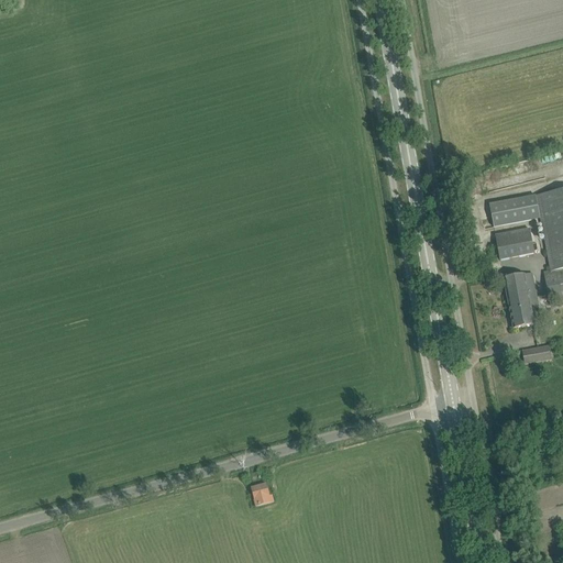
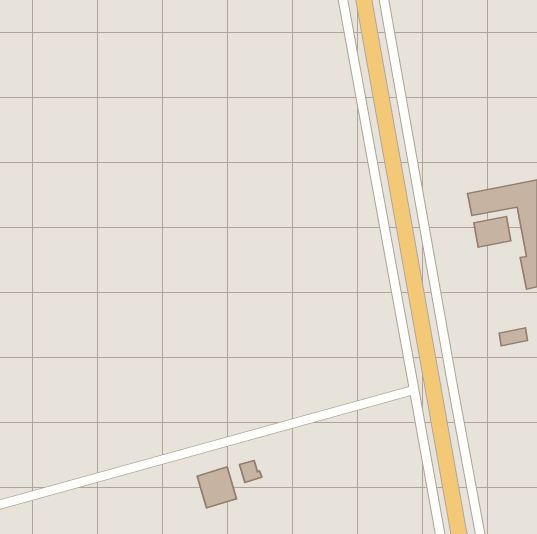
building: [504,271,537,327] -> none
building: none -> [197,467,237,508]

